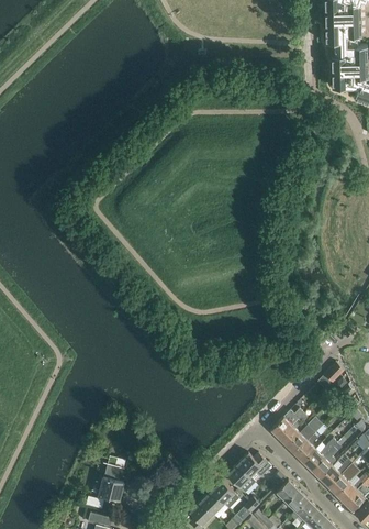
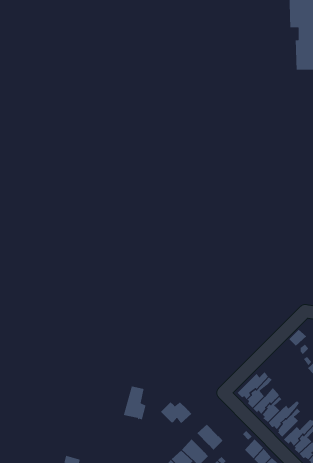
building: [238,454,272,478] -> [160,401,192,424]
building: [98,464,123,502] -> [123,385,147,421]

